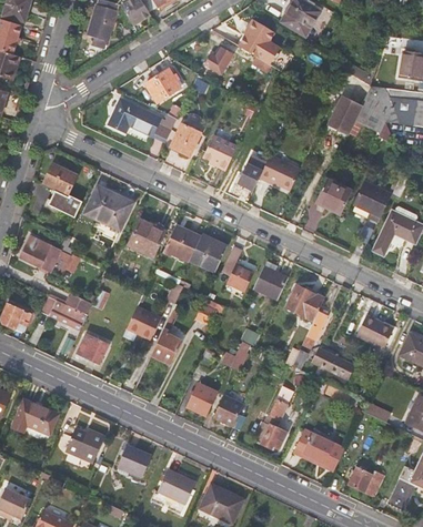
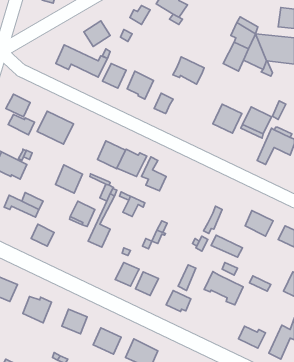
building: [258,155,299,191] -> [173,57,204,84]
building: [129,220,164,256] -> [55,165,83,193]
building: [253,262,288,300] -> none
building: [286,285,324,320] -> none
building: [293,428,344,472] -> [204,272,243,305]

